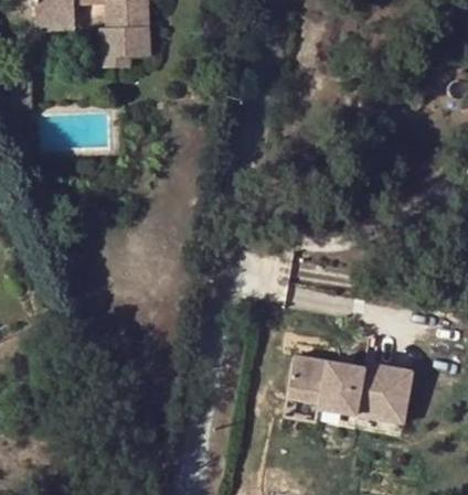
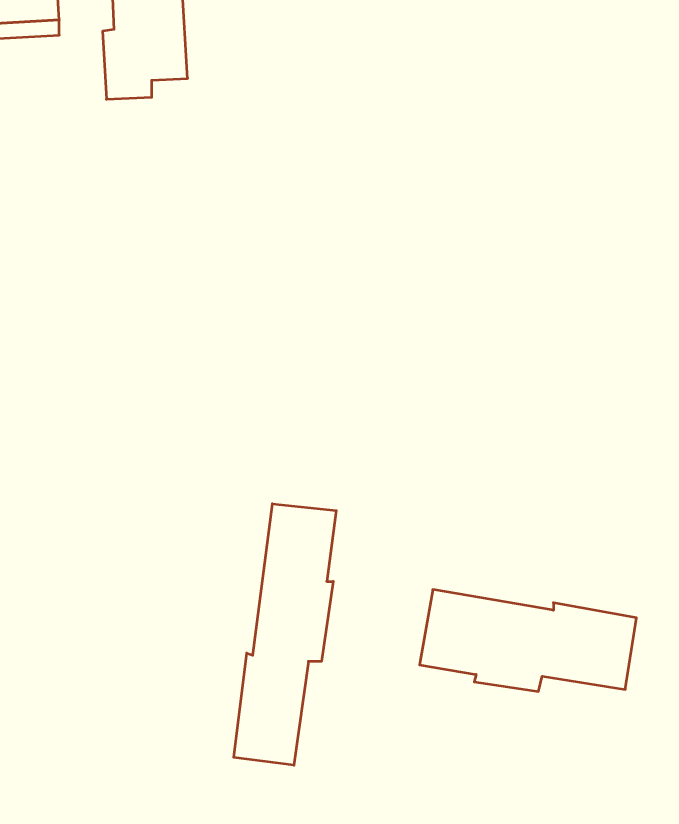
building: none -> [234,504,336,765]

